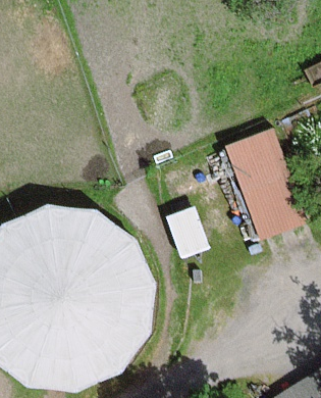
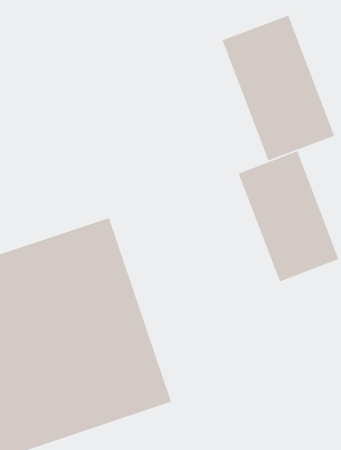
building: none -> [222,15,335,161]

